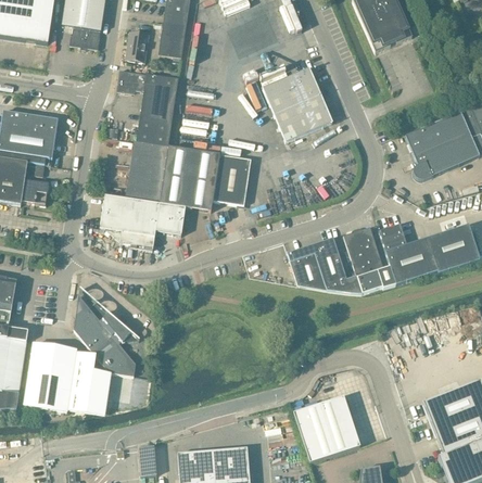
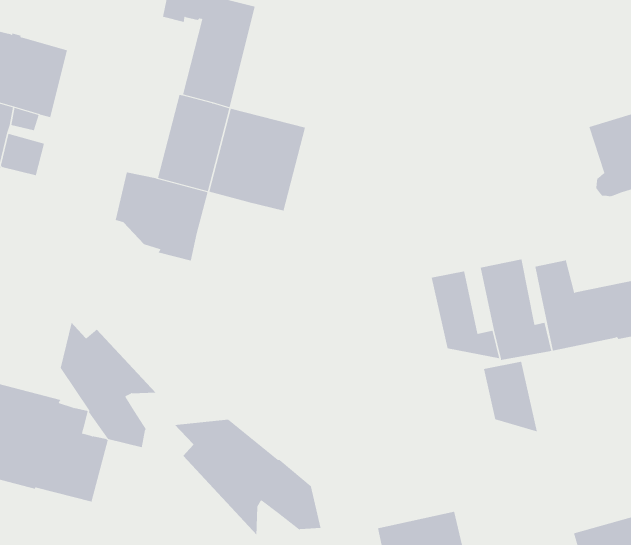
building: [263,67,332,141] -> none
building: [213,154,251,204] -> none
building: [155,202,186,233] -> none
building: [287,243,327,289] -> [483,361,538,432]
building: none -> [174,419,321,536]

